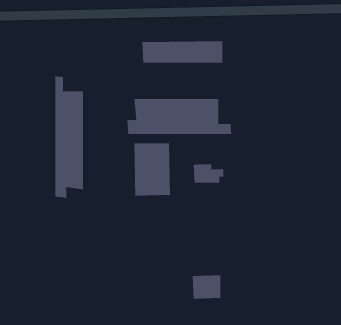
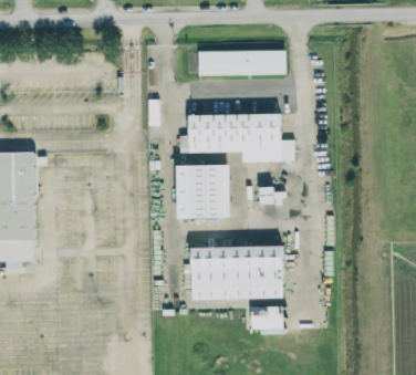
building: [55,75,83,199] -> none
building: none -> [189,246,283,289]

